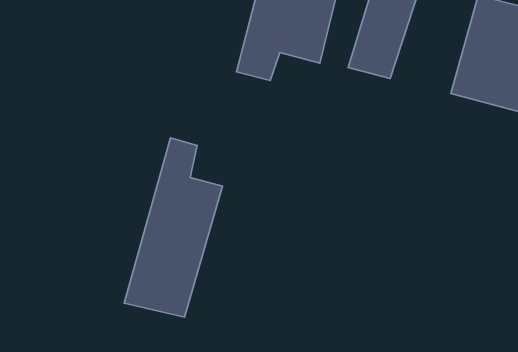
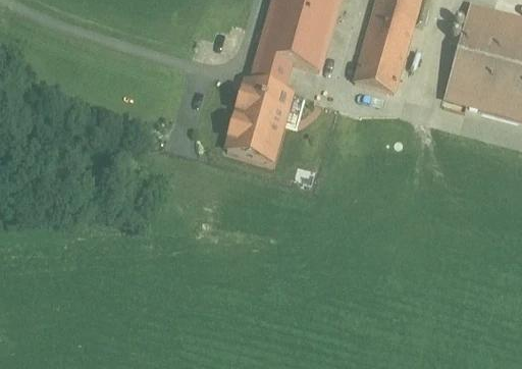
building: none -> [225,75,290,158]
building: [124,138,223,317] -> none

